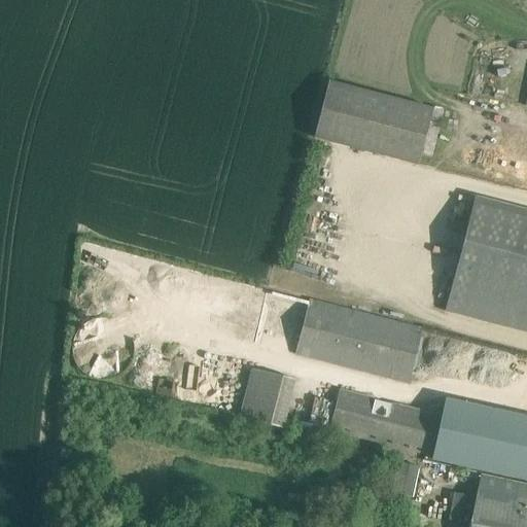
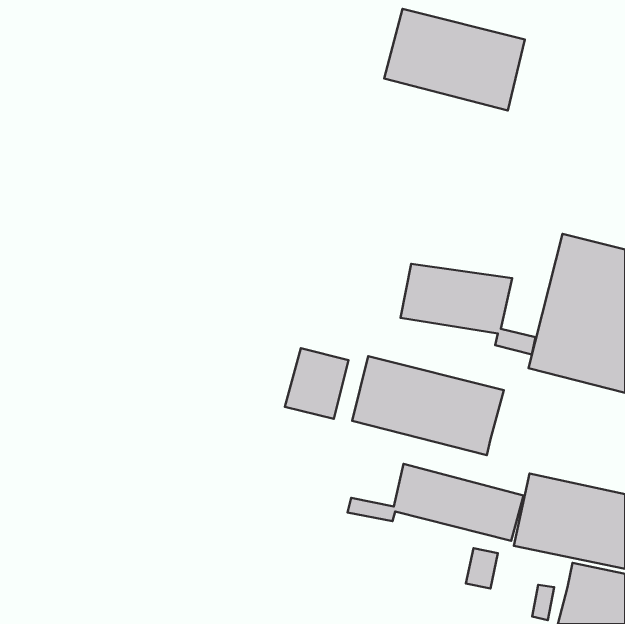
building: [314,79,432,165] -> [384,9,525,110]
building: none -> [400,264,536,354]
building: [242,368,295,428] -> [285,348,349,419]

